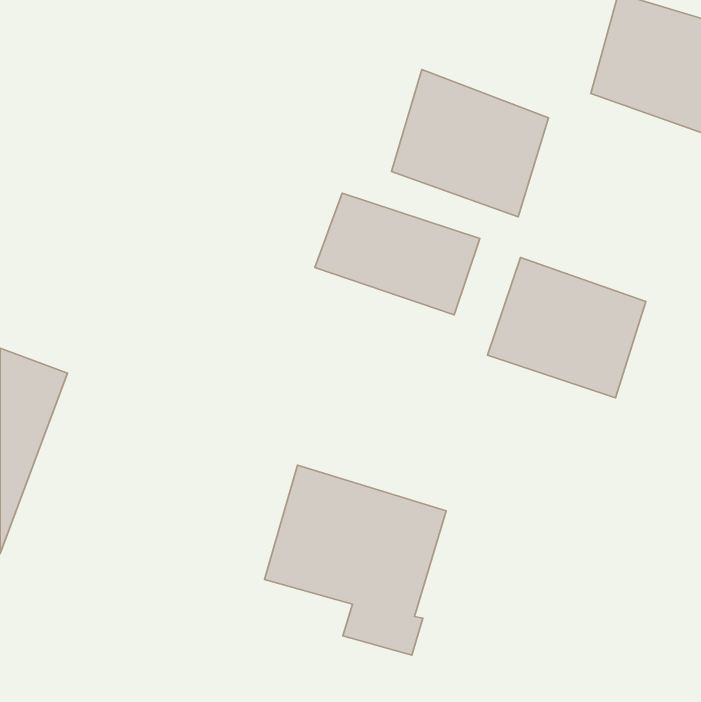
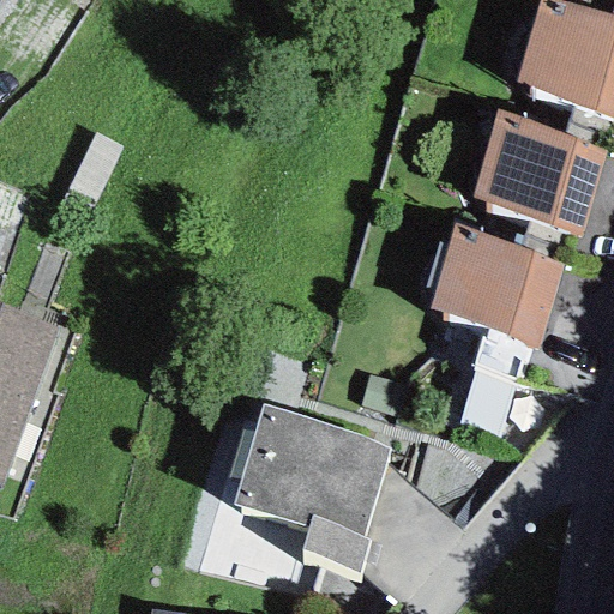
building: [391,70,549,217] -> [471,109,608,237]
building: [315,193,480,315] -> none

